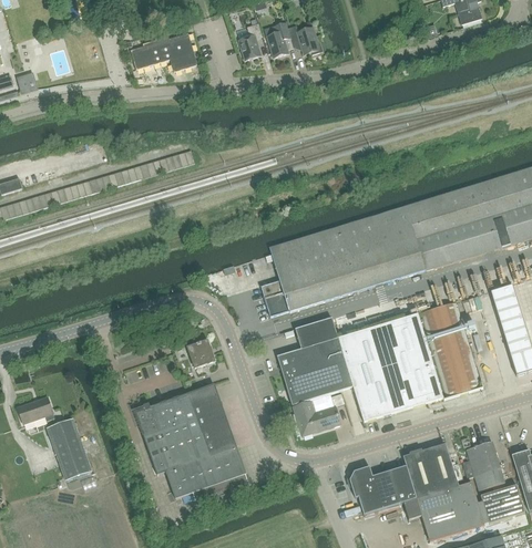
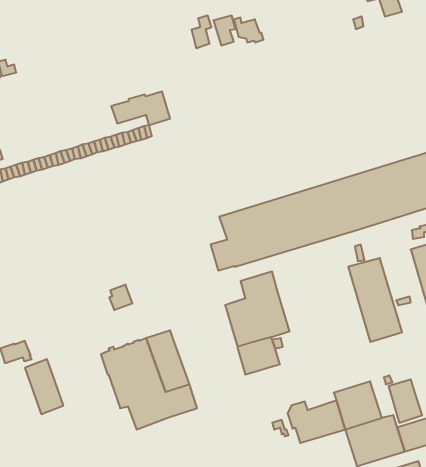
building: [129,32,196,71] -> [111,92,170,125]
building: [337,313,442,421] -> none
building: [188,339,215,368] -> [109,285,132,310]

